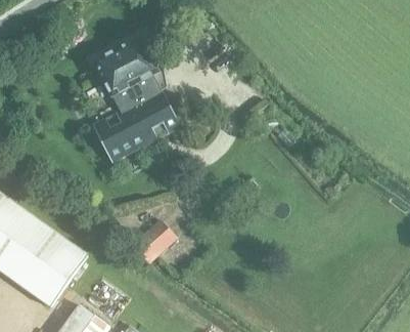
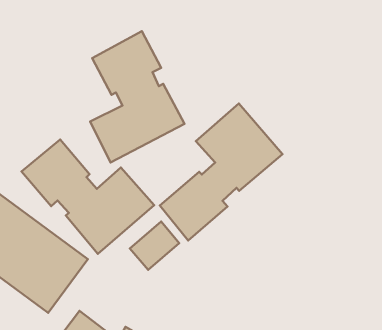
building: none -> [160,103,282,240]
building: none -> [21,140,154,254]

